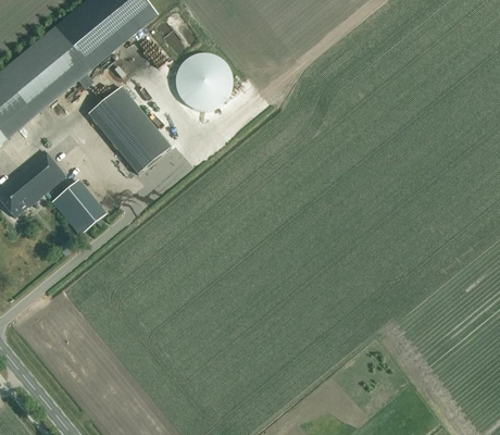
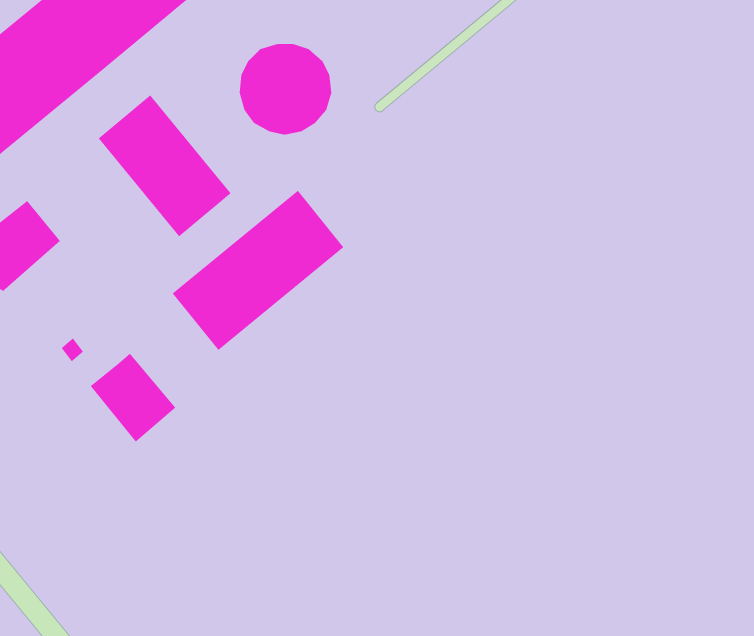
building: none -> [172,190,344,351]
building: [53,179,107,235] -> [90,353,176,443]

